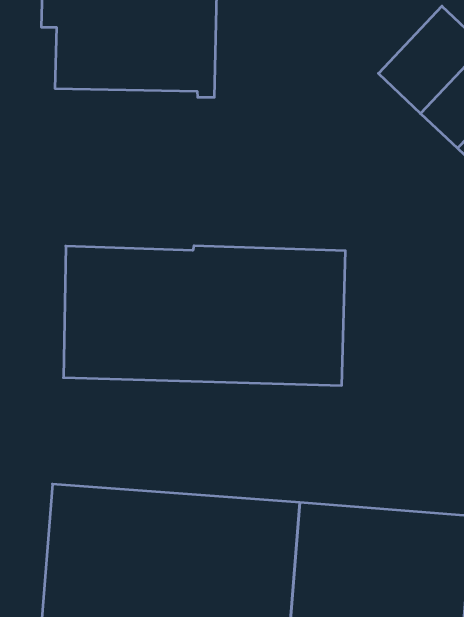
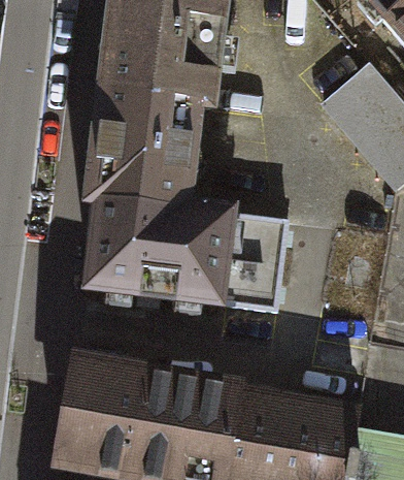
building: none -> [91,92,200,211]

